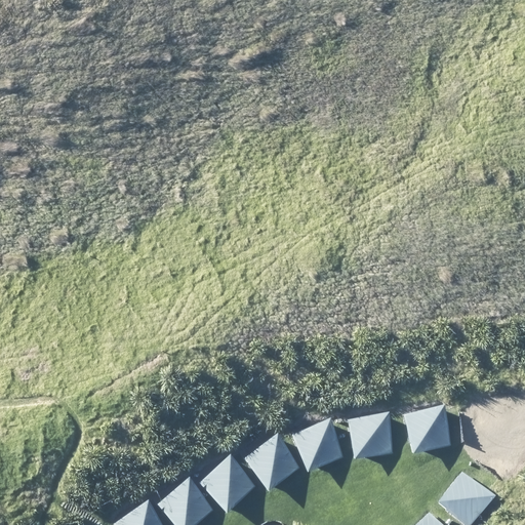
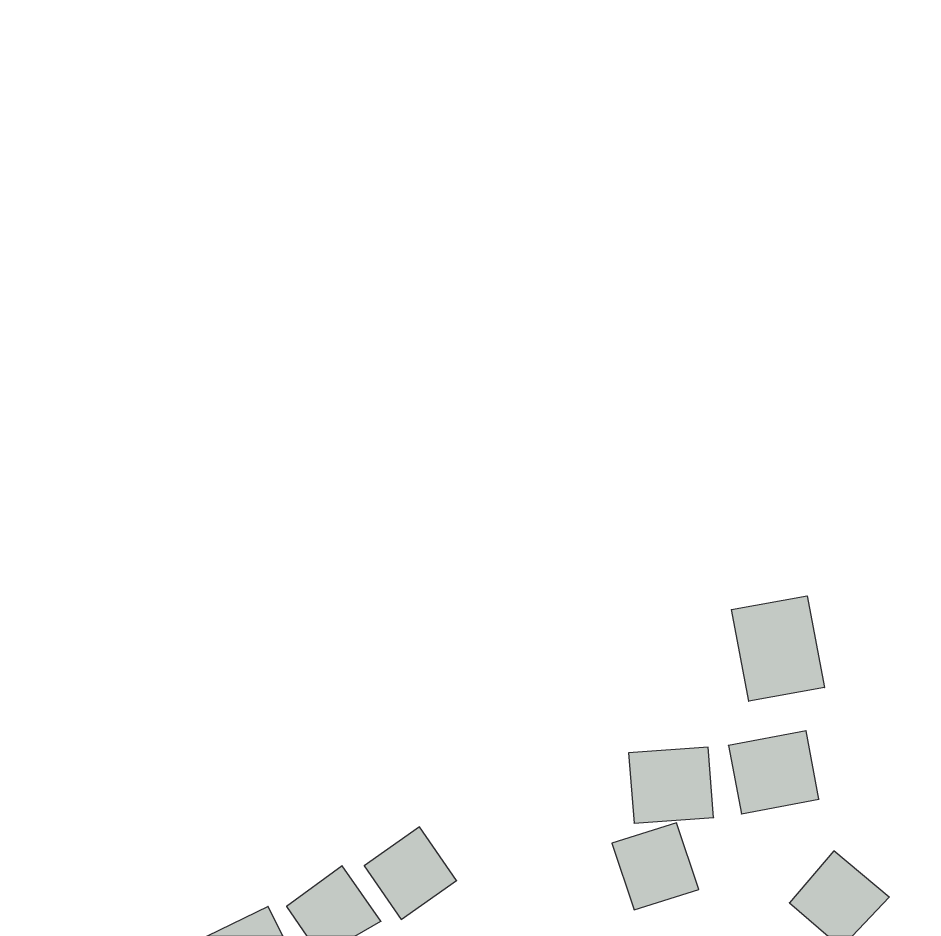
building: none -> [731,596,824,701]
building: [292,420,340,469] -> [612,823,699,910]
building: [245,436,297,488] -> none

